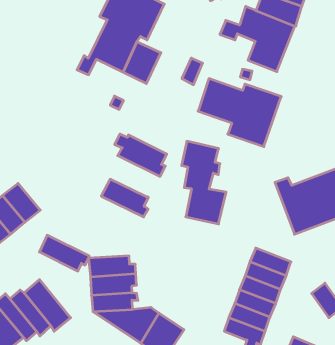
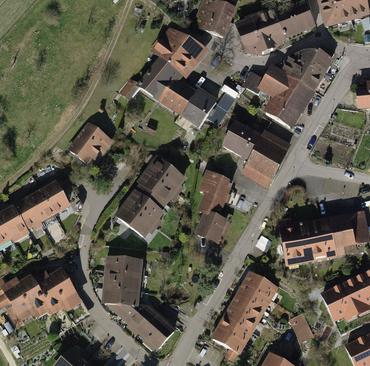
building: none -> [180,87,219,128]
building: none -> [66,120,113,164]
building: none -> [133,172,178,211]
building: [39,235,89,271] -> [116,204,158,239]

